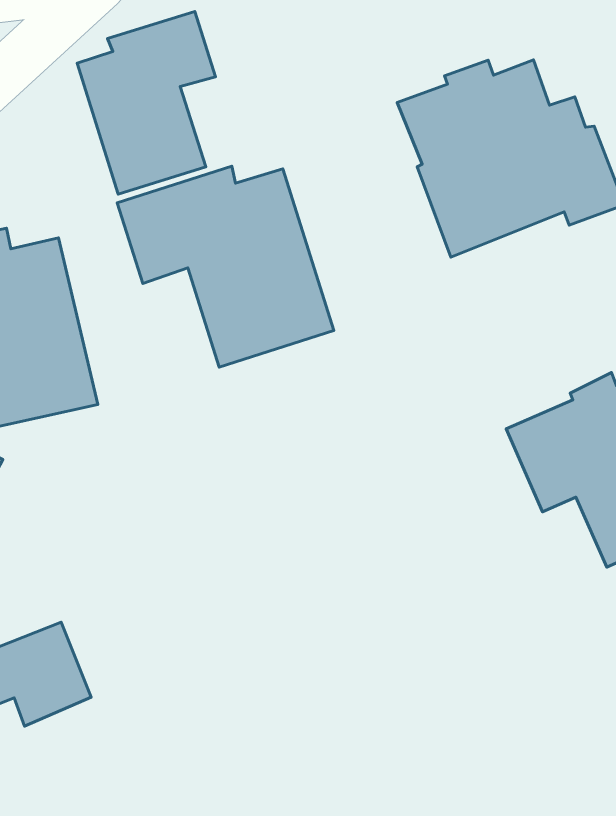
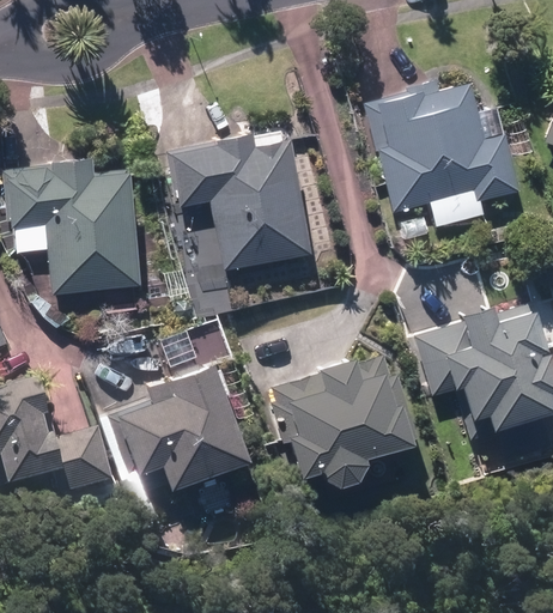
building: [77,11,216,194] -> none
building: none -> [275,354,415,486]
building: none -> [114,362,249,491]

